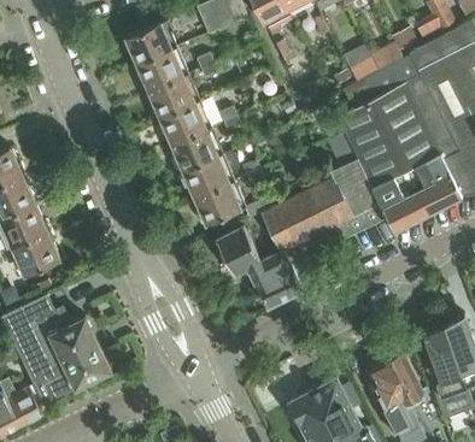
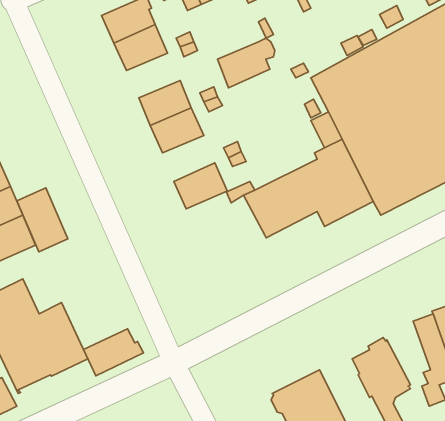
building: [147,76,199,119] -> none
building: [182,152,238,200] -> [217,38,275,88]
building: none -> [17,188,68,252]
building: [216,226,301,310] -> none
building: none -> [84,329,144,376]

